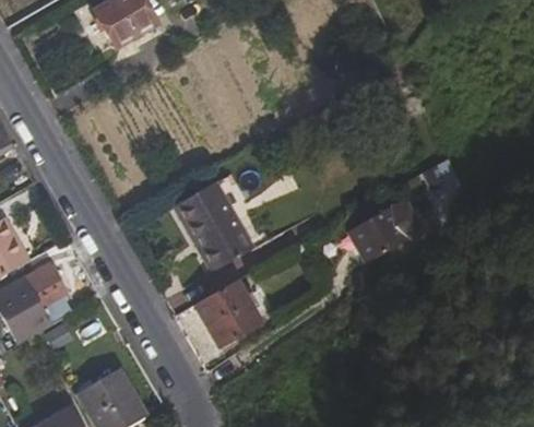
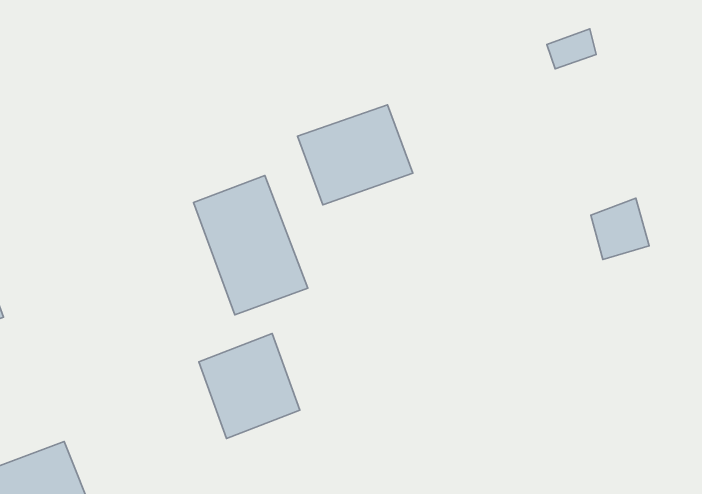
building: none -> [297,105,413,205]
building: [347,205,420,264] -> none

